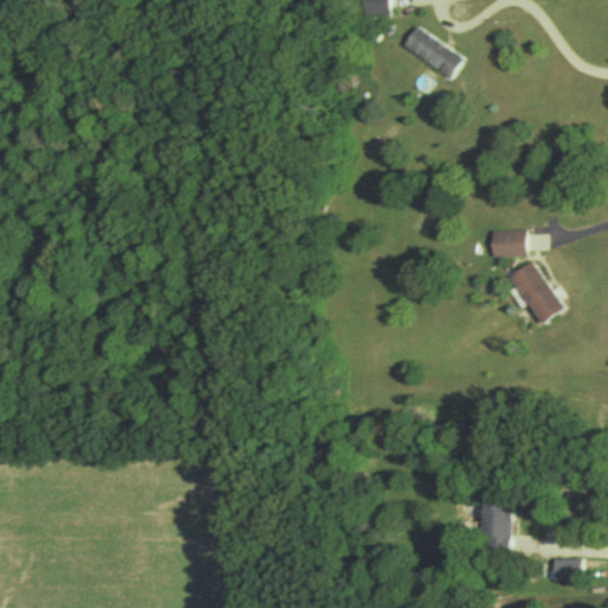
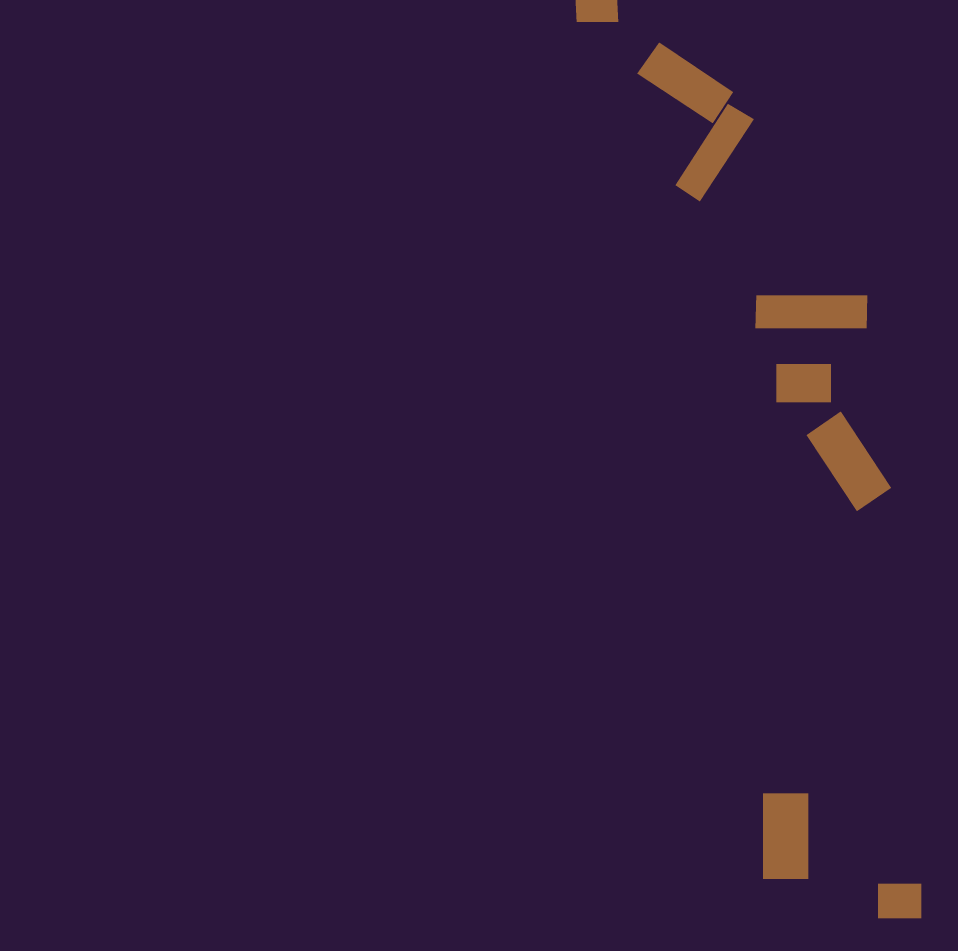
building: none -> [674,103,755,203]
building: none -> [755,295,868,329]

